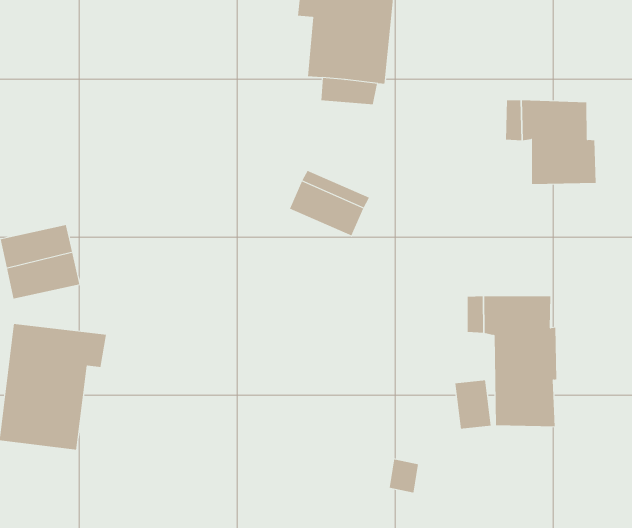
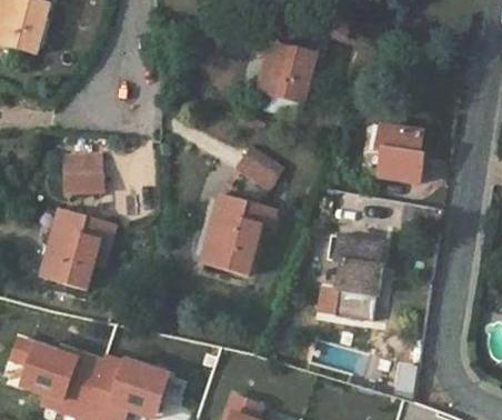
building: none -> [202,194,277,276]

